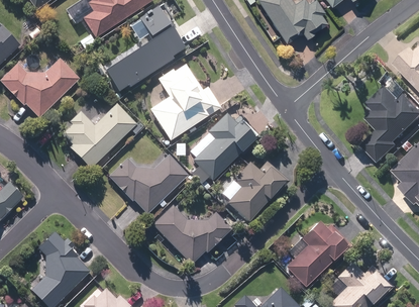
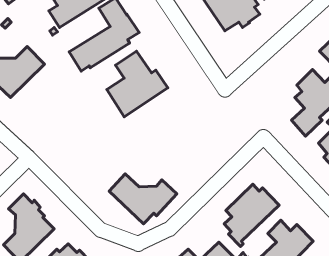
building: [63,106,140,171] -> none
building: [194,115,256,181] -> none
building: [108,157,187,215] -> none
building: [227,164,287,223] -> none

